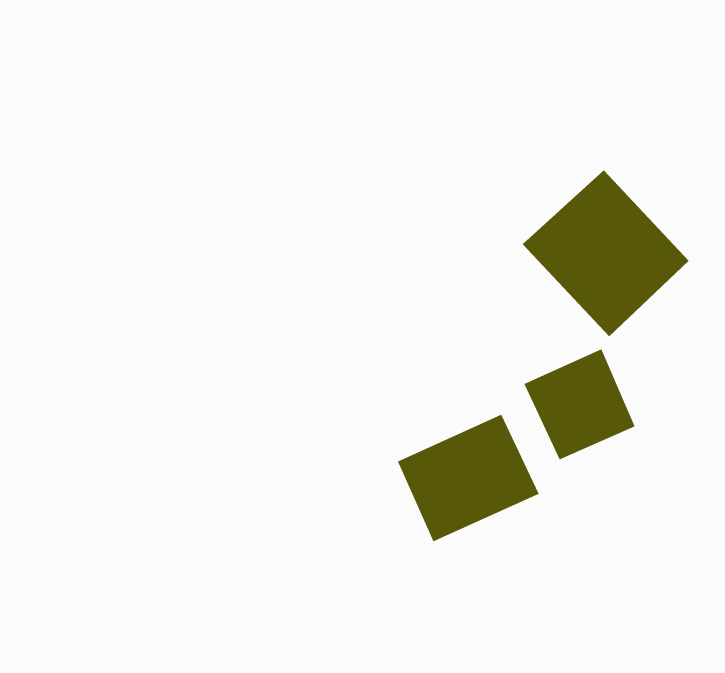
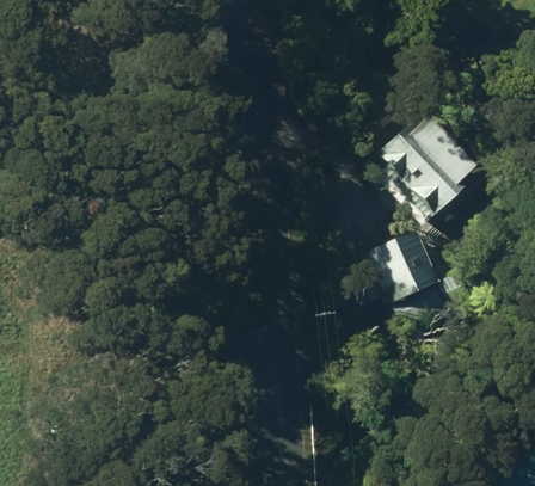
building: [397,414,540,542] -> none

